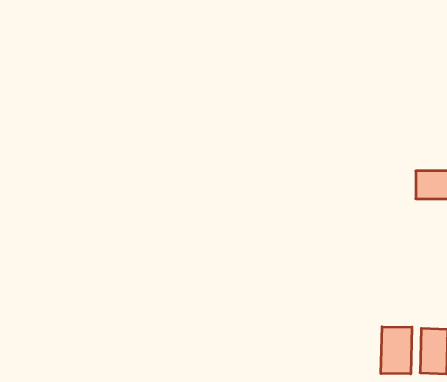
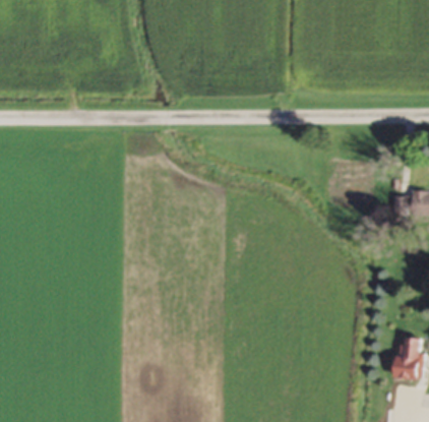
building: [381,327,412,374] -> none

